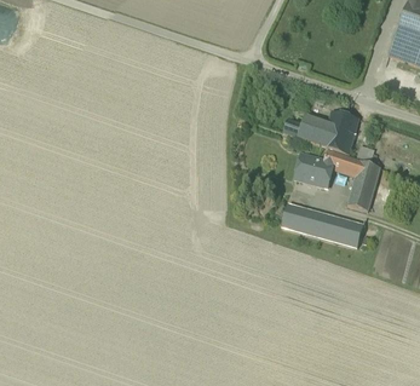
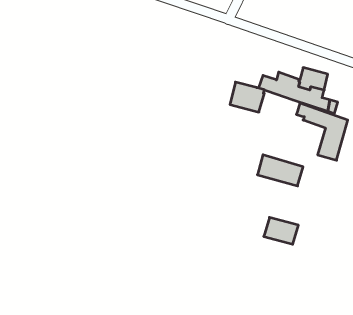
building: [295,154,333,186] -> [230,82,264,112]
building: [326,217,363,246] -> [264,217,298,244]

